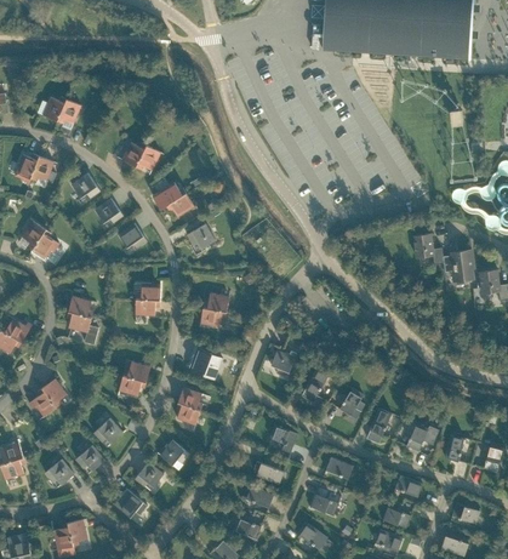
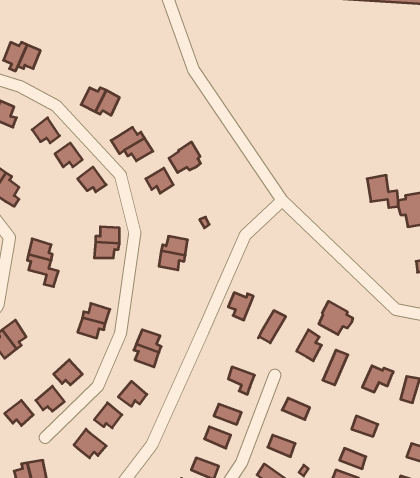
building: none -> [169,142,201,173]
building: [189,349,222,380] -> none
building: none -> [319,301,353,335]

